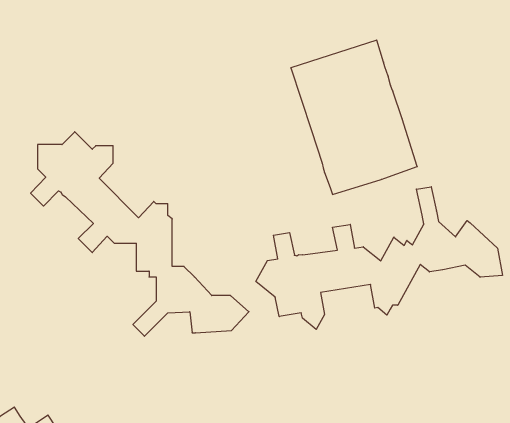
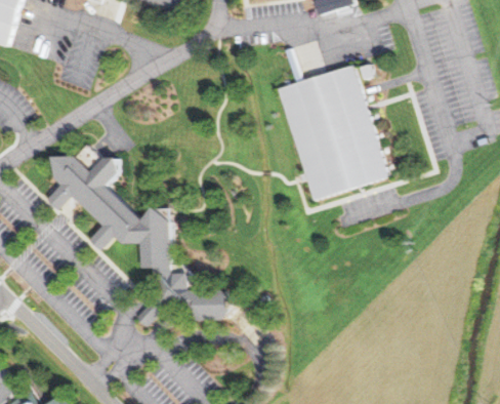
building: [256,187,502,329] -> none

